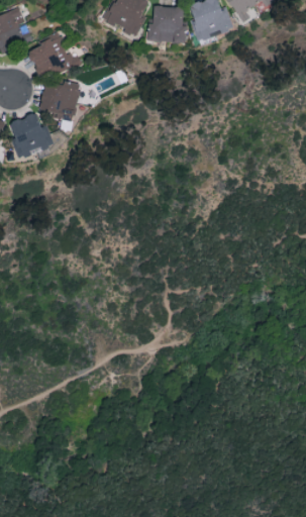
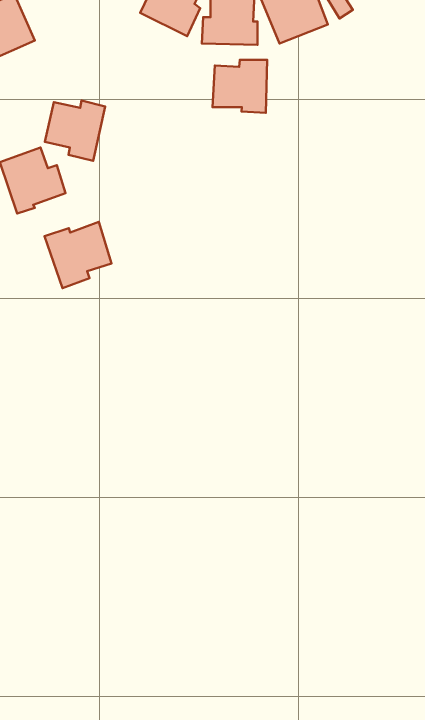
building: [25,32,80,80] -> none
building: none -> [213,60,267,113]
building: none -> [45,222,112,288]

